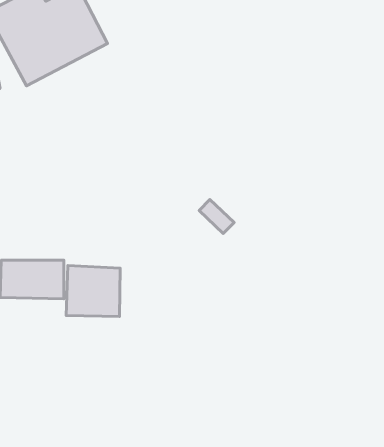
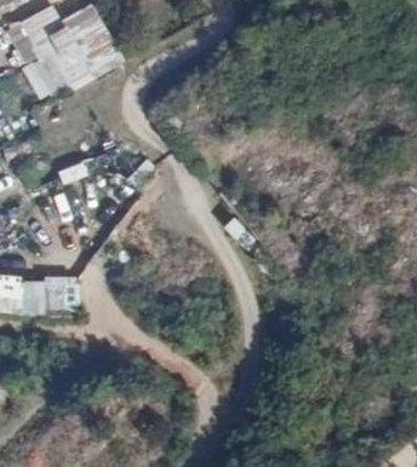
building: [66,266,120,316] -> none

